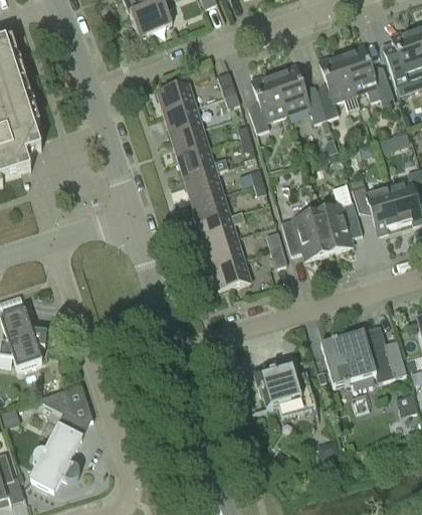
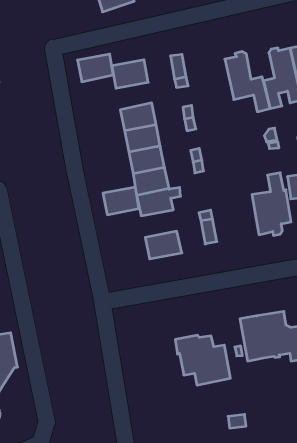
building: [248,71,287,132] -> none
building: [163,105,202,137] -> [77,54,113,82]
building: [282,210,330,261] -> none
building: [204,235,243,268] -> [103,187,139,215]

